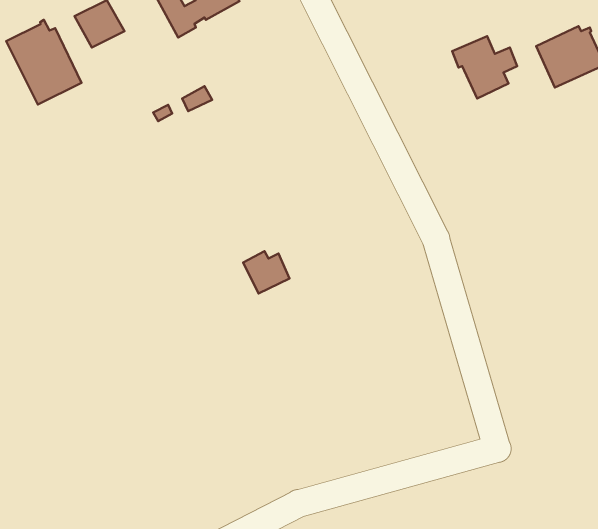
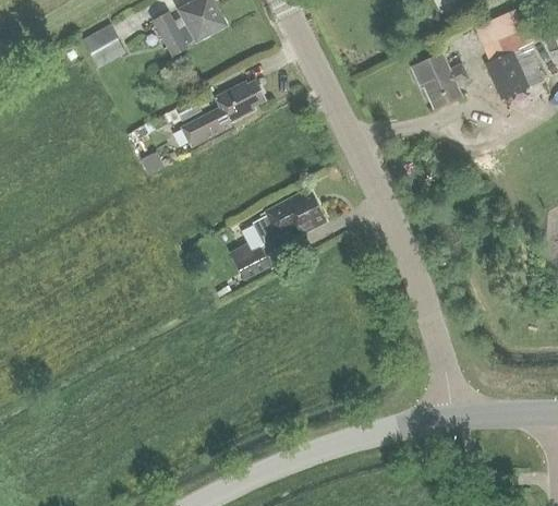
building: [6,20,81,104] -> none
building: none -> [181,81,264,147]
building: none -> [253,189,326,243]

